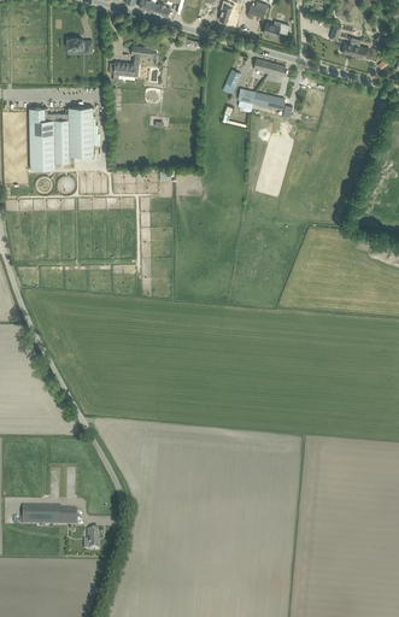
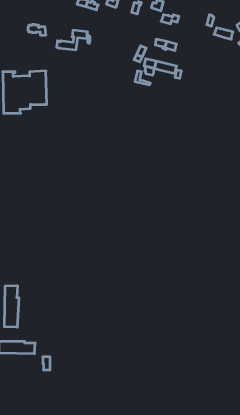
building: none -> [4,286,19,327]

